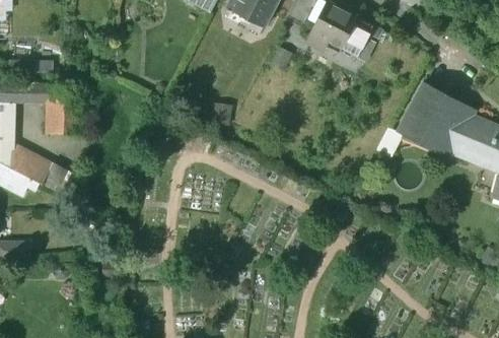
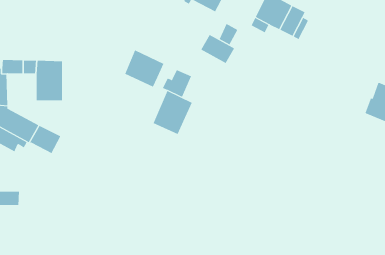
building: none -> [200,34,235,64]
building: none -> [124,50,164,87]
building: [398,86,464,152] -> none
building: none -> [153,90,193,135]

